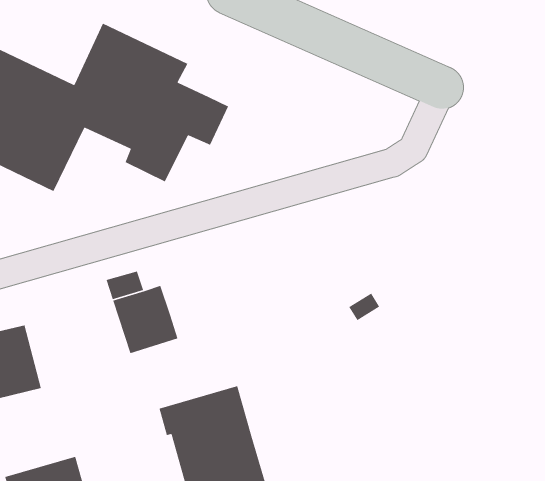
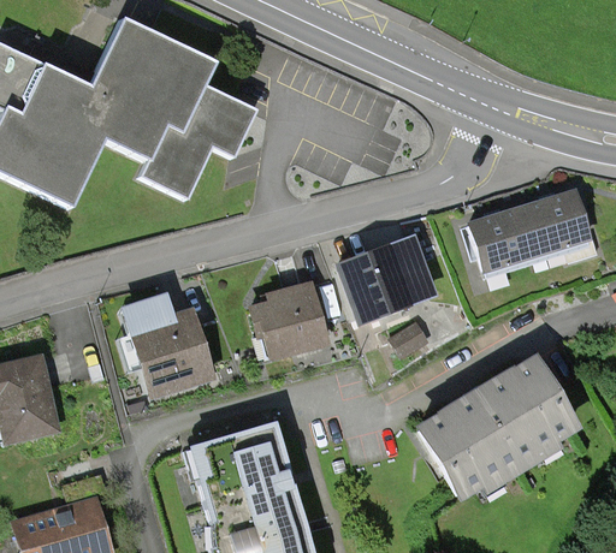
building: none -> [472,189,590,266]
building: none -> [342,238,433,315]
building: none -> [255,281,324,351]
building: none -> [421,358,573,492]

